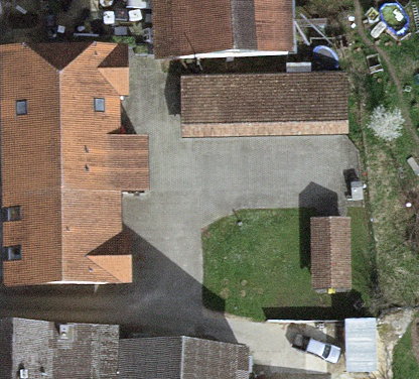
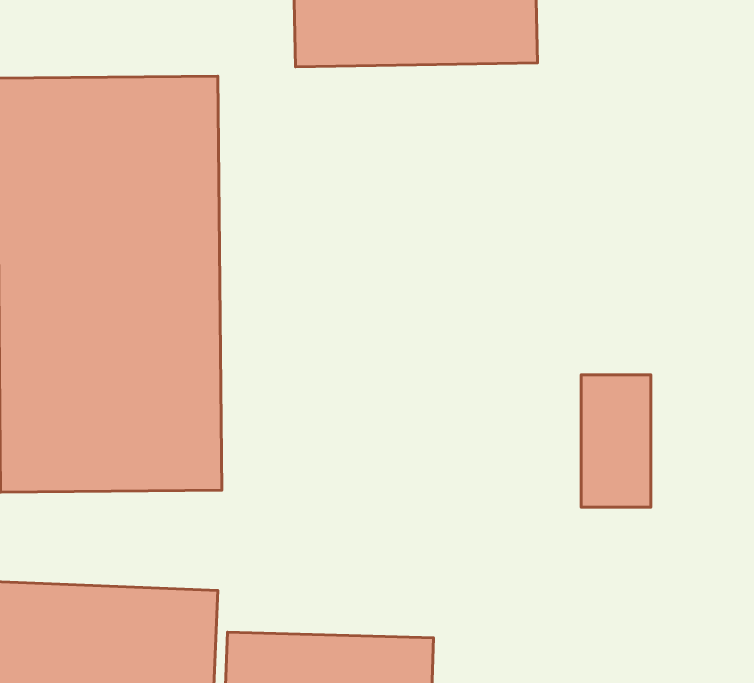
building: [184,69,344,131] -> none

